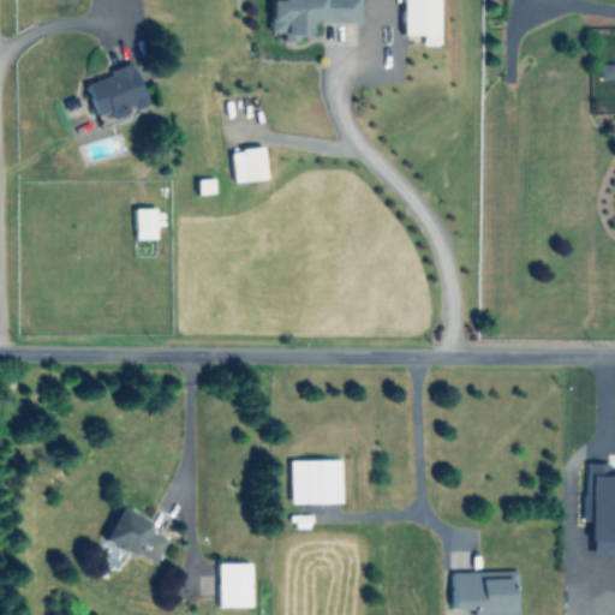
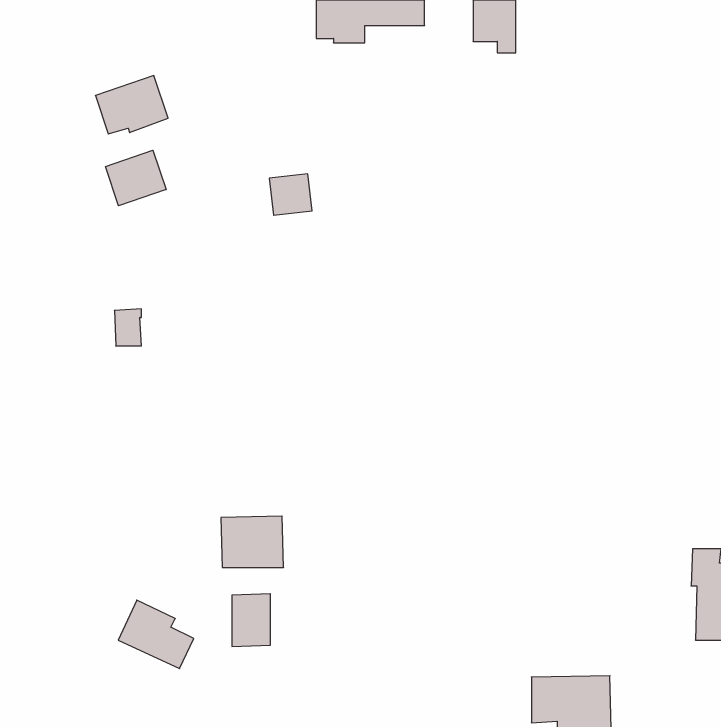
building: none -> [105,150,166,206]
building: [137,208,160,239] -> [114,309,141,346]
building: [292,460,345,503] -> [221,516,284,567]
building: [221,563,253,608] -> [232,594,270,646]

